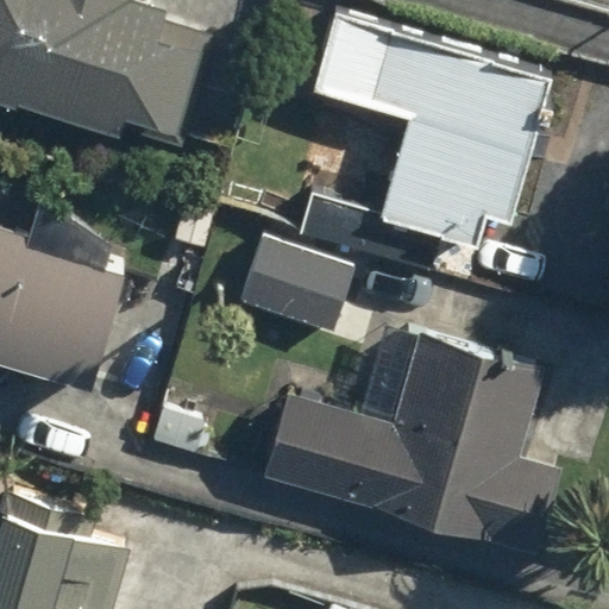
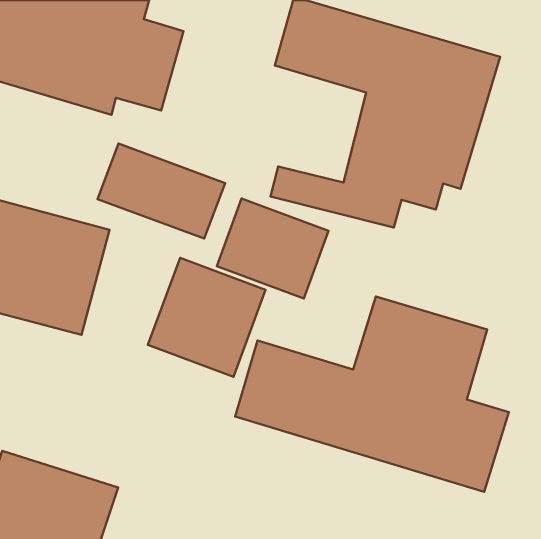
building: none -> [97,144,225,239]
building: none -> [148,258,266,377]

